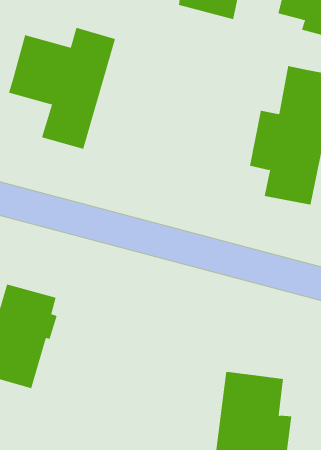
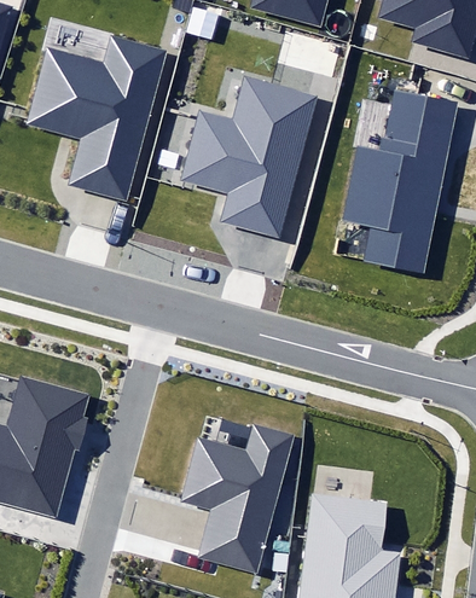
building: none -> [178,75,318,237]
building: none -> [179,428,291,573]

